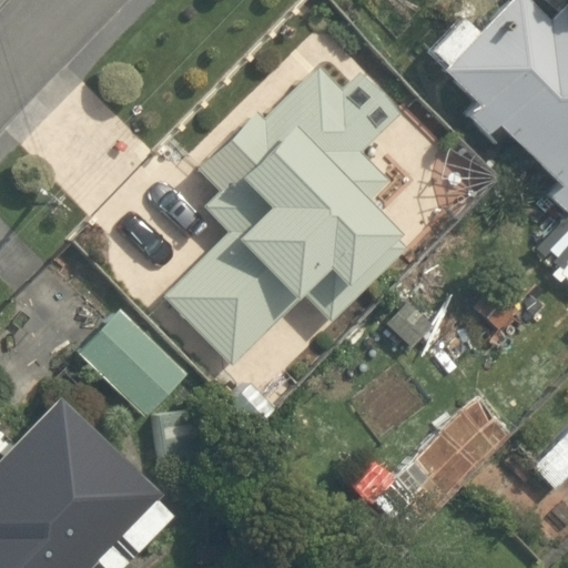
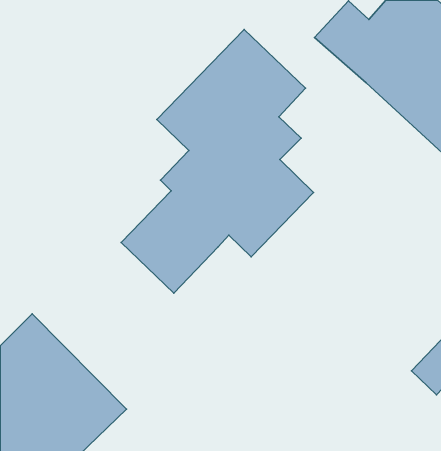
building: [68,298,191,420] -> none

